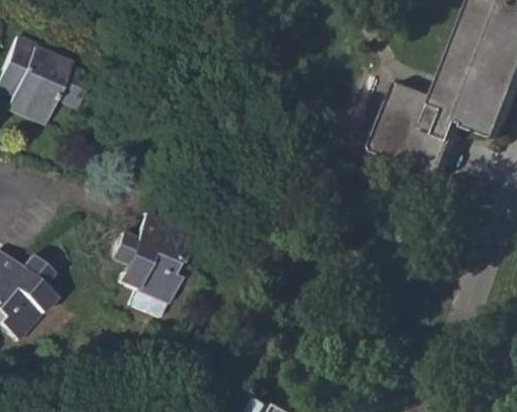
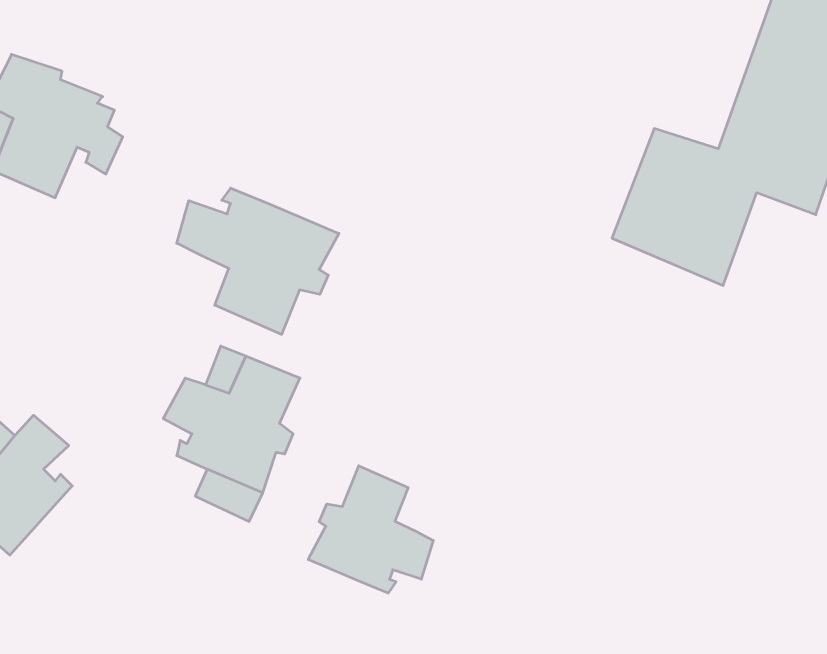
building: none -> [177,188,339,334]
building: none -> [308,466,433,593]

